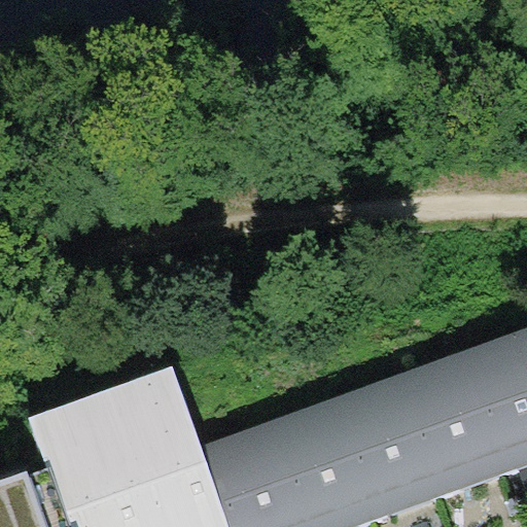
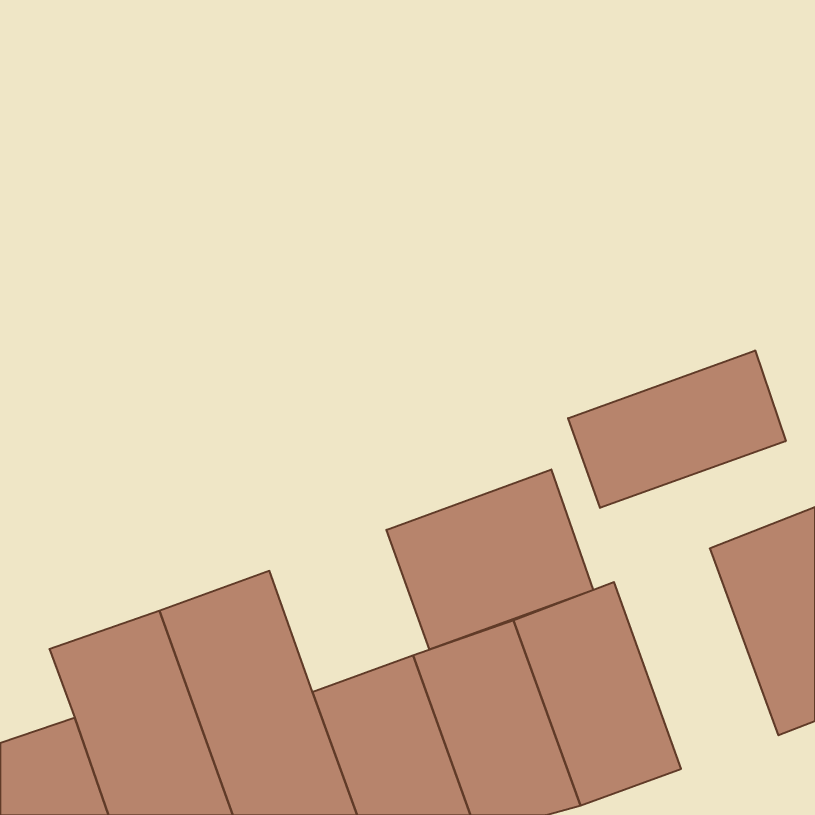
building: none -> [568,350,786,508]
building: none -> [386,469,593,649]
building: [396,354,502,496] -> none

